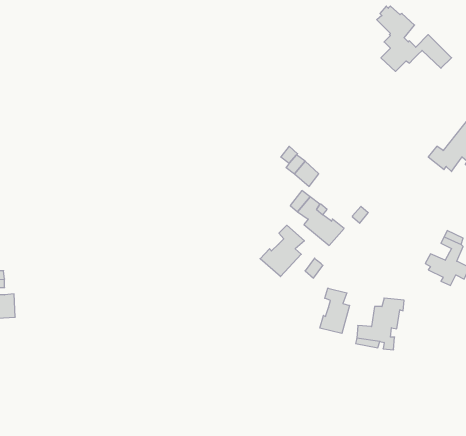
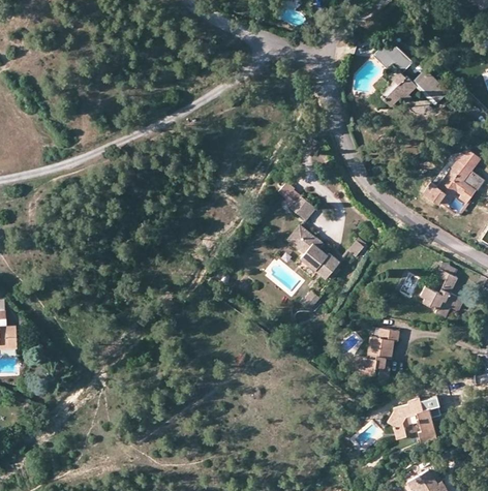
building: [260,225,304,277] -> none
building: [320,288,350,333] -> none
building: none -> [387,397,437,444]

